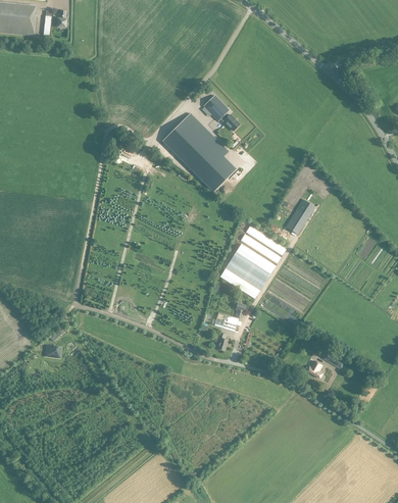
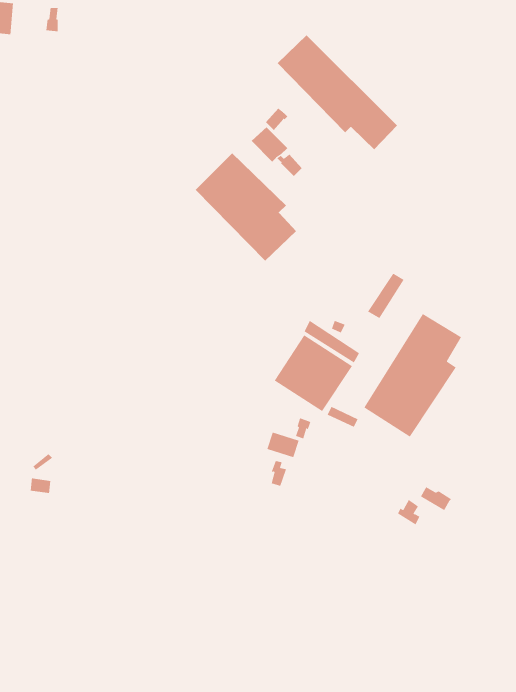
building: none -> [277,34,398,150]
building: none -> [363,313,462,438]

